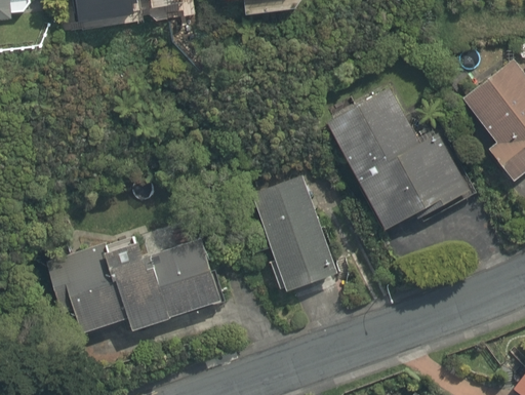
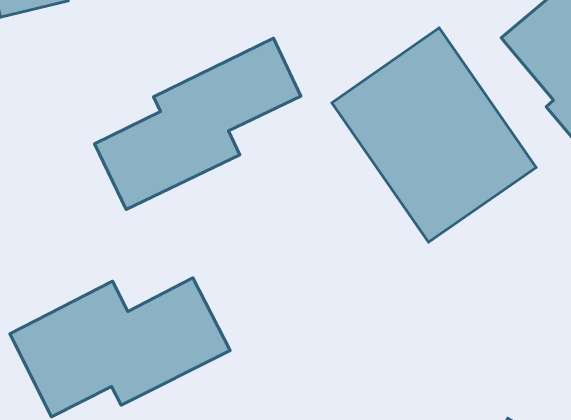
building: none -> [94,38,301,209]
building: [243,156,336,298] -> none

